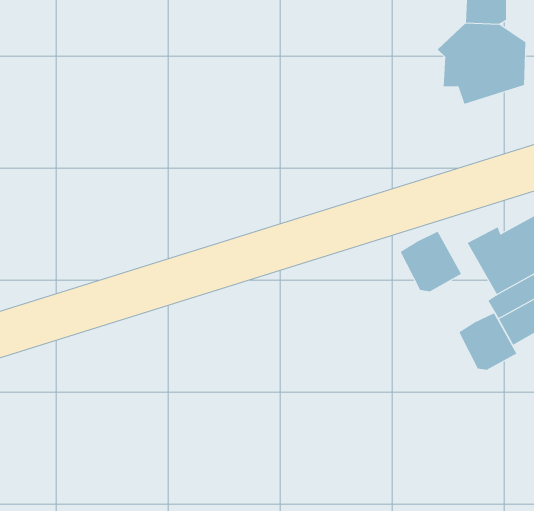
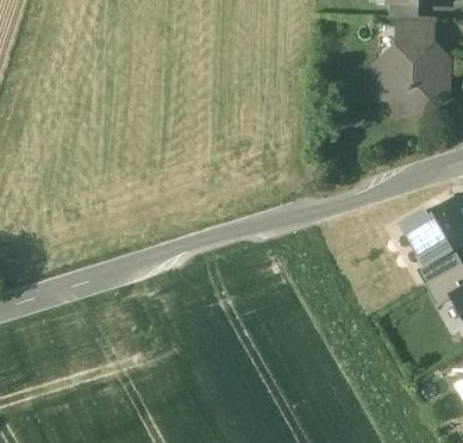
building: [400,231,462,292] -> none
building: [459,312,517,371] -> none

